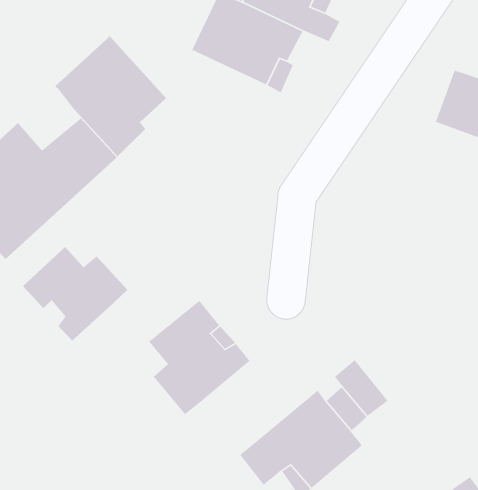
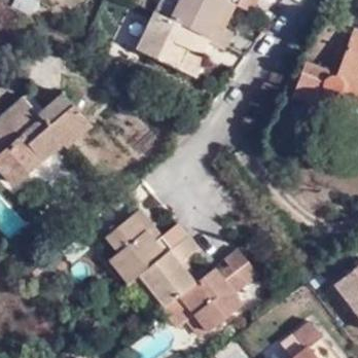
building: [55,36,167,157] -> none
building: [22,246,128,341] -> none
building: none -> [143,238,201,309]

